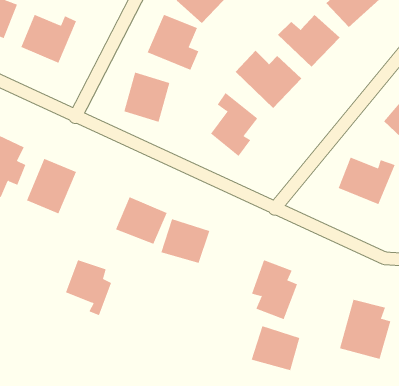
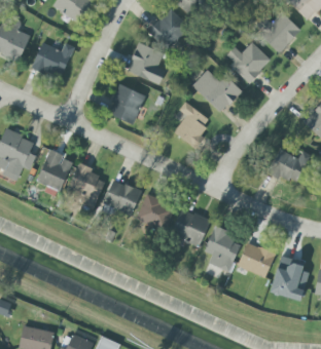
building: none -> [169,207,210,246]
building: [65,260,112,316] -> [68,164,103,206]
building: [251,325,300,371] -> [237,242,274,276]

